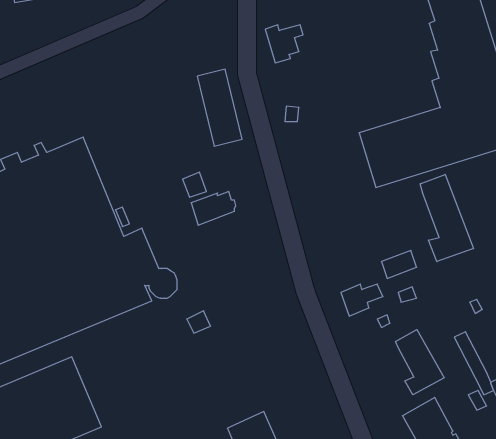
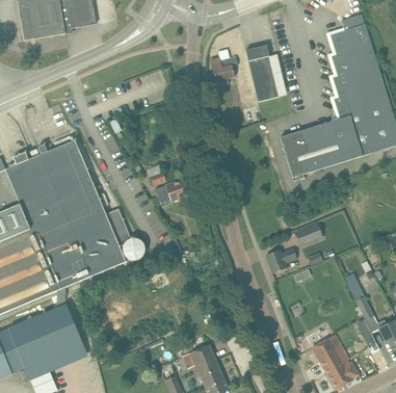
building: [197,69,242,146] -> [245,44,279,101]
building: [420,174,473,262] -> none
building: [396,330,444,395] -> none

